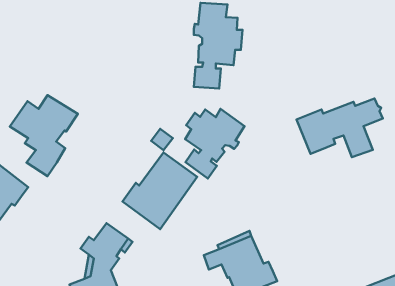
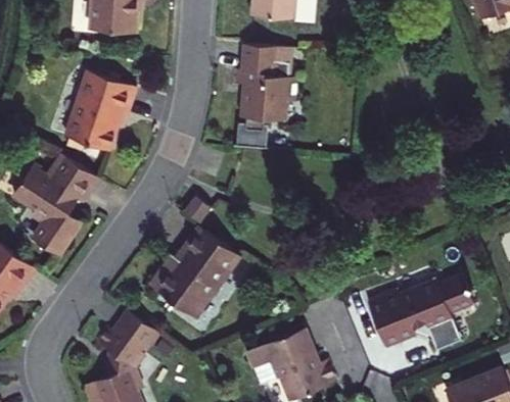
building: none -> [64,72,136,153]
building: [296,98,383,157] -> [368,278,473,349]
building: [185,109,244,179] -> none

